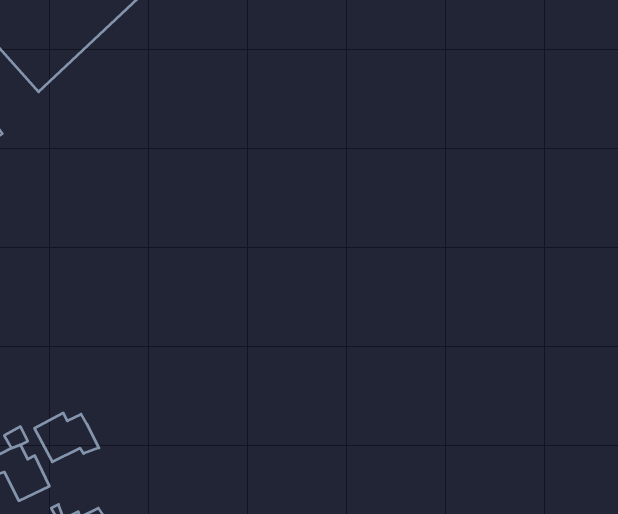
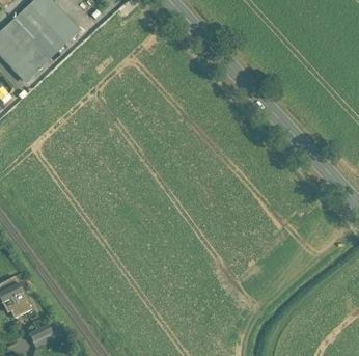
building: [35,413,99,462] -> none

